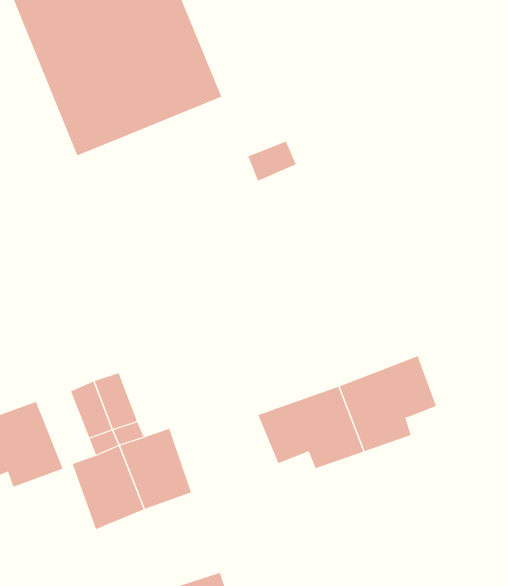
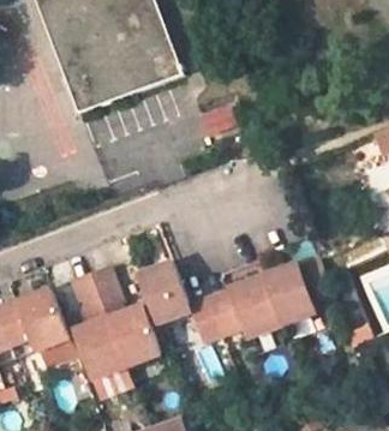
building: none -> [138,267,222,343]

